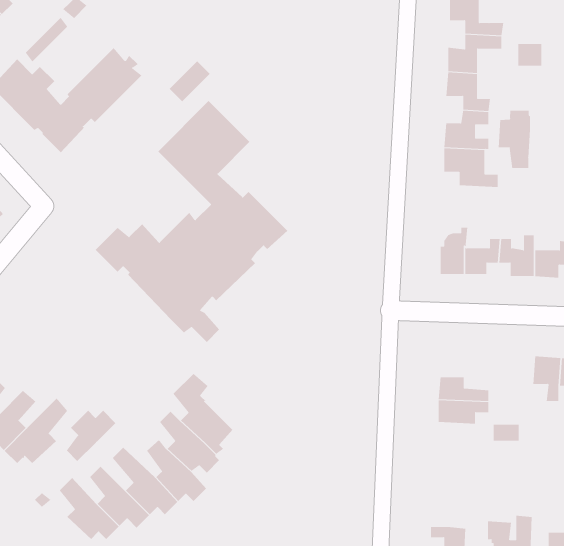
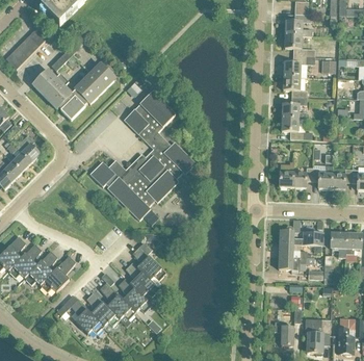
building: [498,110,531,169] -> none
building: none -> [279,225,322,244]
building: [66,410,116,462] -> none

